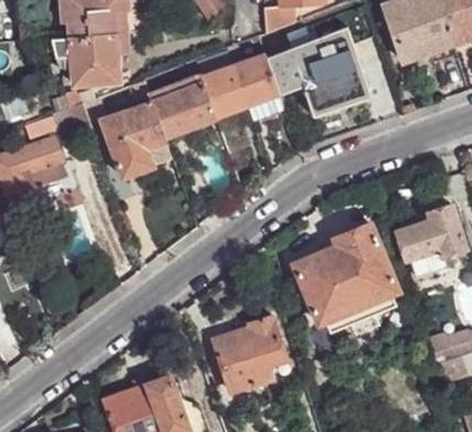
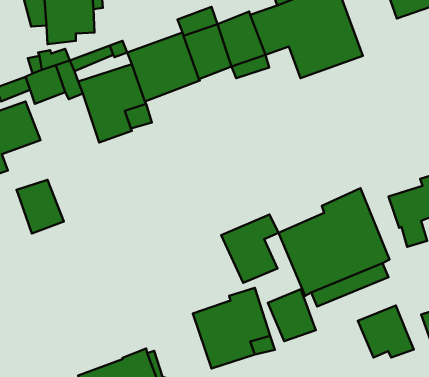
building: none -> [16,180,64,234]
building: none -> [221,214,278,283]
building: none -> [268,289,316,341]
building: none -> [358,305,414,357]

